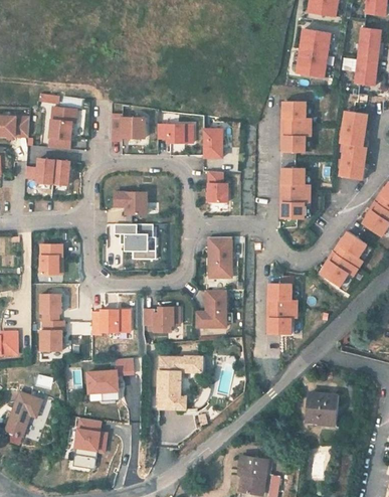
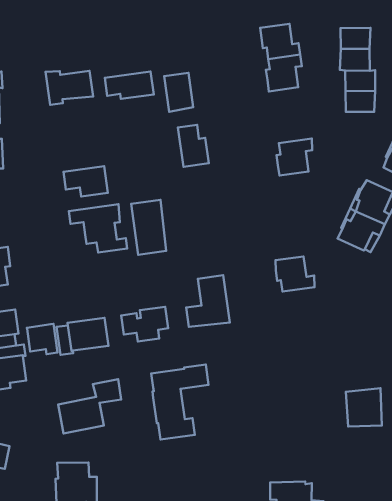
building: [280,168,310,193] -> none
building: [208,236,231,277] -> [131,200,166,255]
building: [267,309,296,334] -> none
building: none -> [27,324,57,354]

